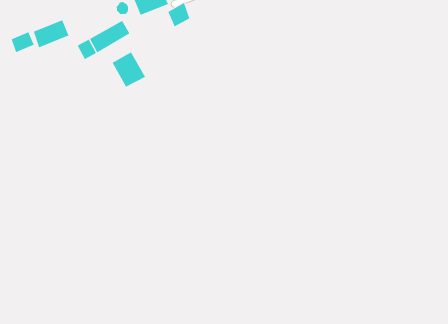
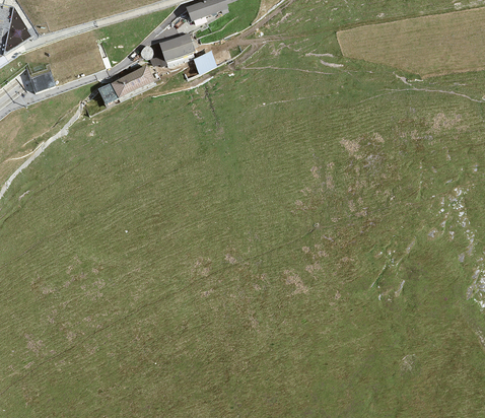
building: [33,19,69,48] -> none
building: [112,52,146,88] -> none

